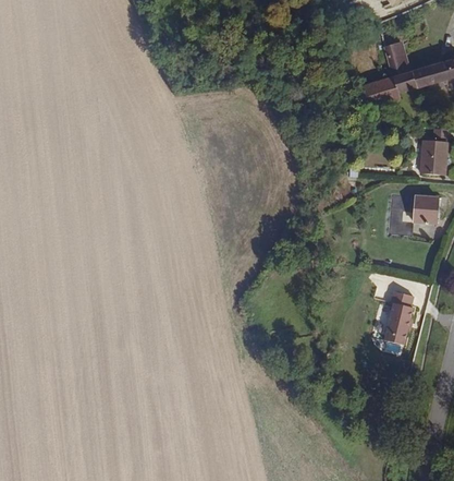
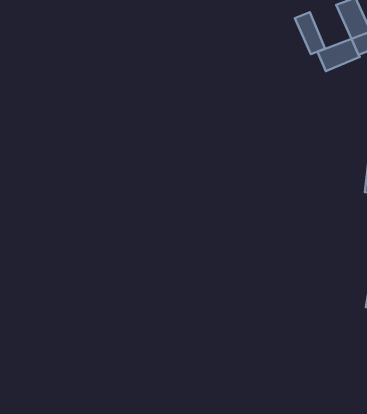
building: none -> [295,12,325,54]

